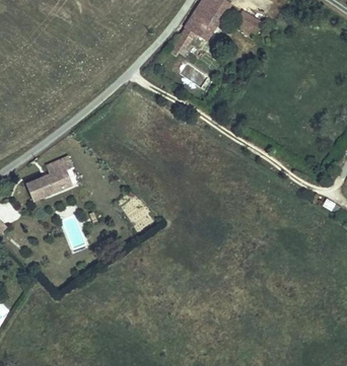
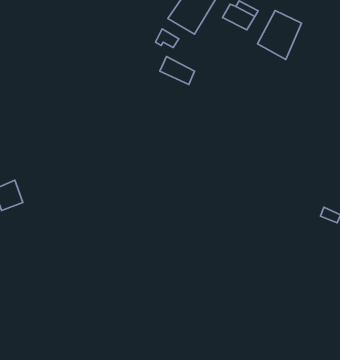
building: none -> [258,11,302,59]
building: [46,154,80,192] -> none

